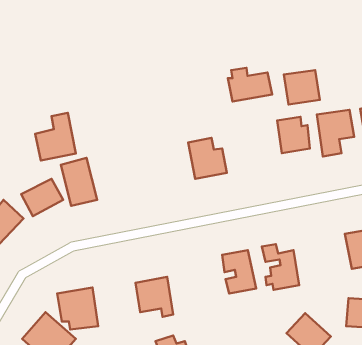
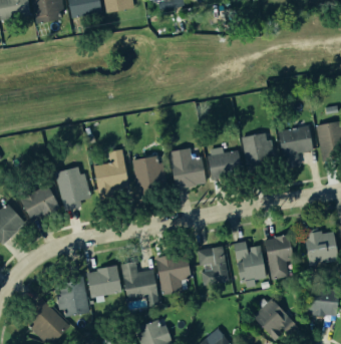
building: [228,68,272,102] -> [205,148,243,178]
building: [284,70,320,104] -> none
building: [35,113,76,161] -> [92,150,127,192]
building: none -> [131,156,158,193]
building: none -> [263,237,291,278]
building: none -> [154,253,189,294]
building: none -> [90,269,116,294]

